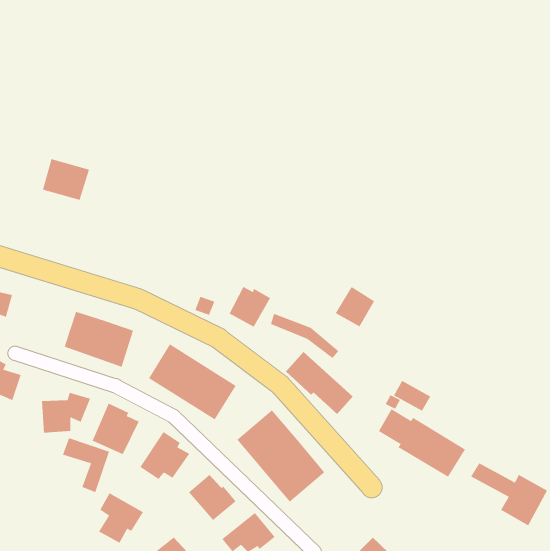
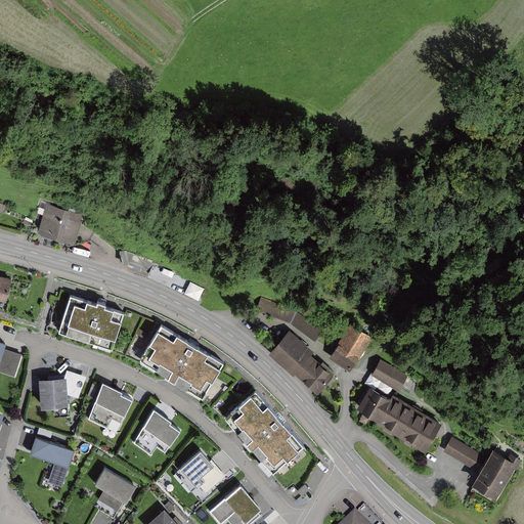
building: [42,159,90,201] -> [37,205,82,245]
building: [229,286,271,328] -> none
building: [335,286,375,327] -> [330,332,367,370]
building: [62,438,110,493] -> [28,437,73,489]

